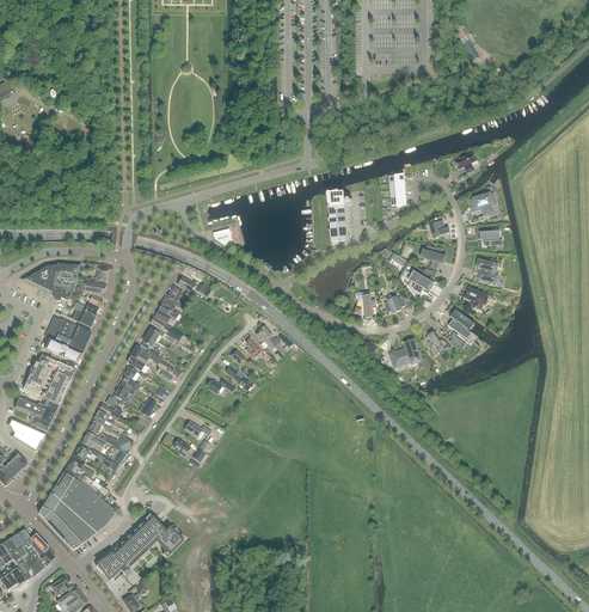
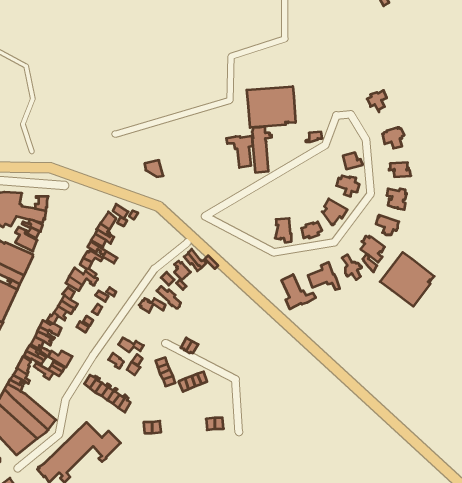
building: none -> [247,86,295,128]
building: none -> [226,136,253,168]
building: none -> [380,252,434,306]
building: none -> [282,274,316,309]

